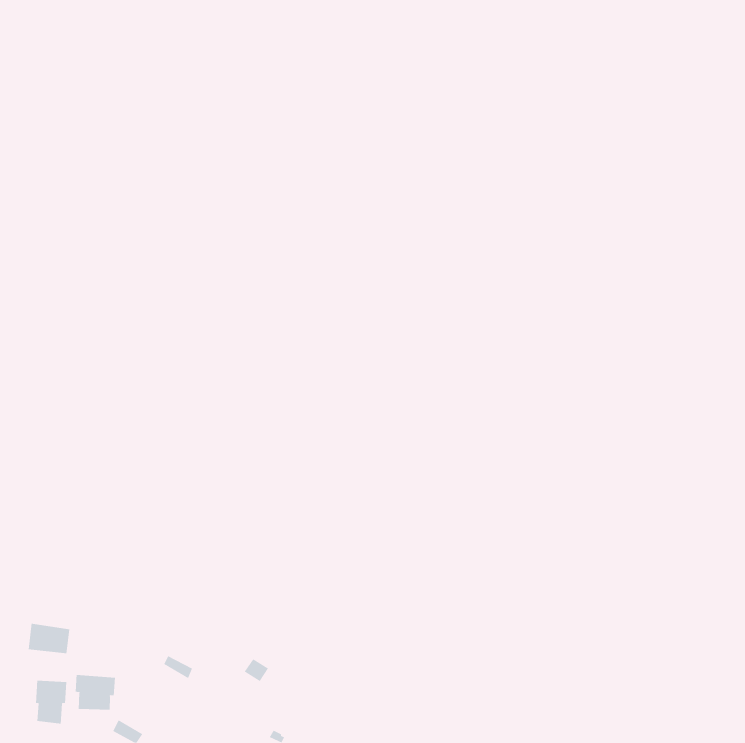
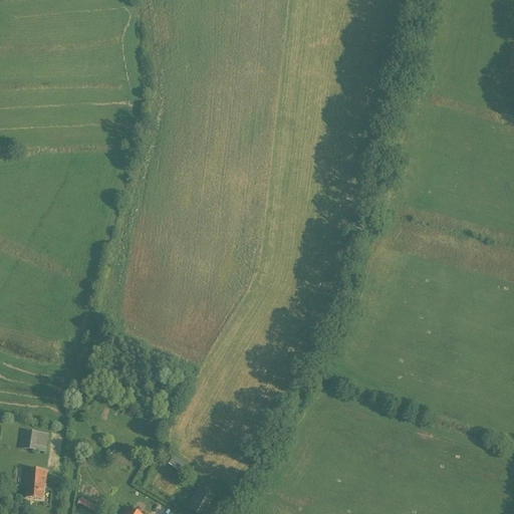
building: [75,674,115,710] -> none

